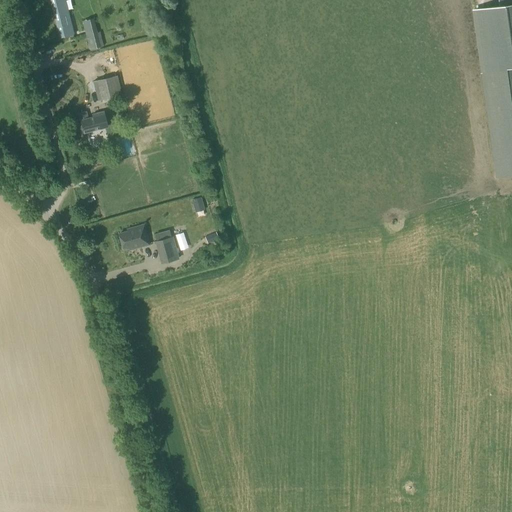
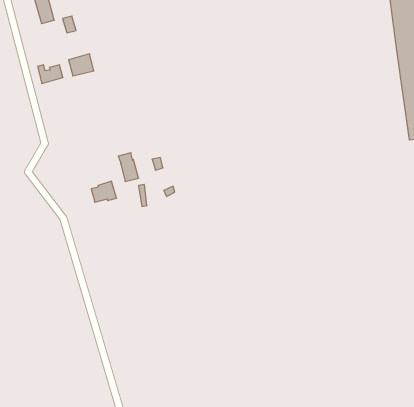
building: [79,111,109,133] -> [38,65,63,83]
building: [155,229,179,263] -> [118,153,139,181]

